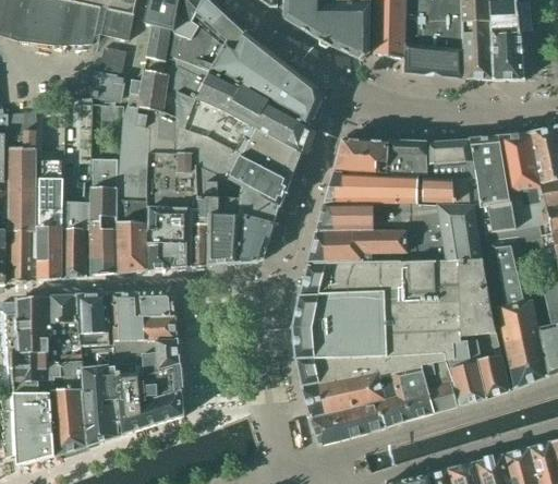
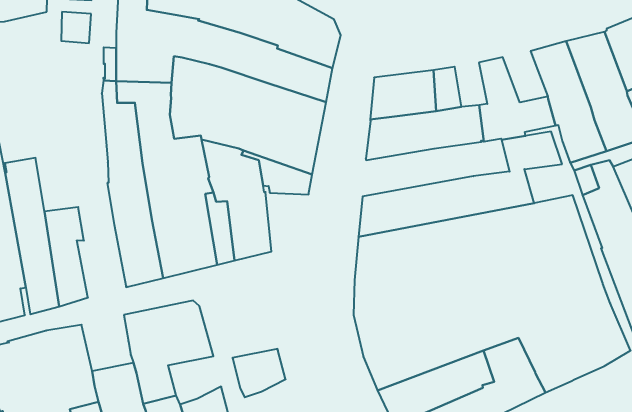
building: [92,73,123,99] -> none
building: [446,138,476,178] -> none
building: [407,141,427,174] -> none
building: [89,157,120,275] -> none
building: [316,203,436,231] -> none
building: [236,209,274,263] -> none
building: [448,231,483,259] -> none
building: [76,293,112,334] -> none
building: [140,338,179,372] -> [232,349,286,397]

